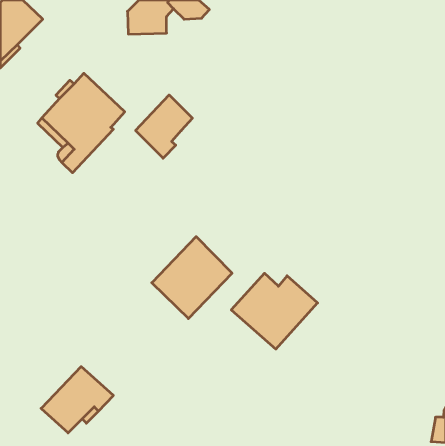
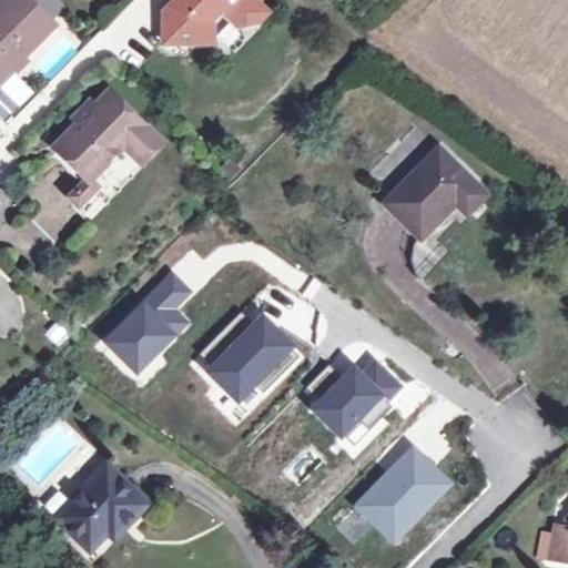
building: [136,95,192,158] -> none
building: none -> [385,149,485,280]
building: none -> [93,258,195,374]
building: none -> [353,436,455,548]

